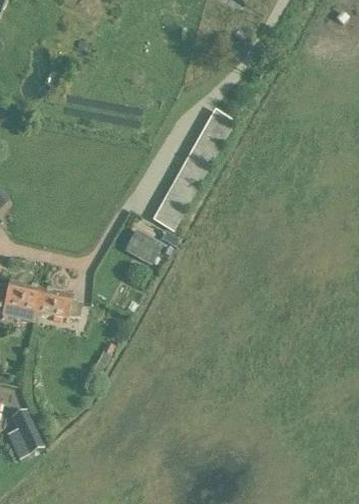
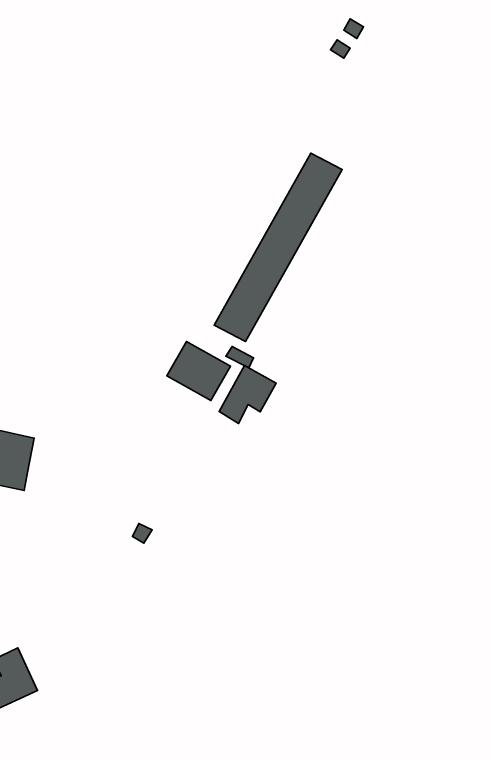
building: none -> [219,366,276,423]
building: [38,287,82,316] -> none

